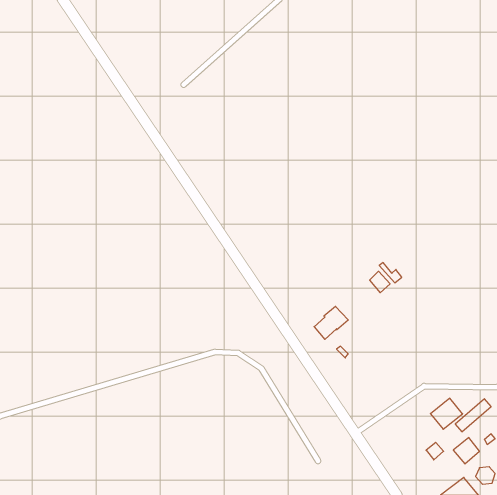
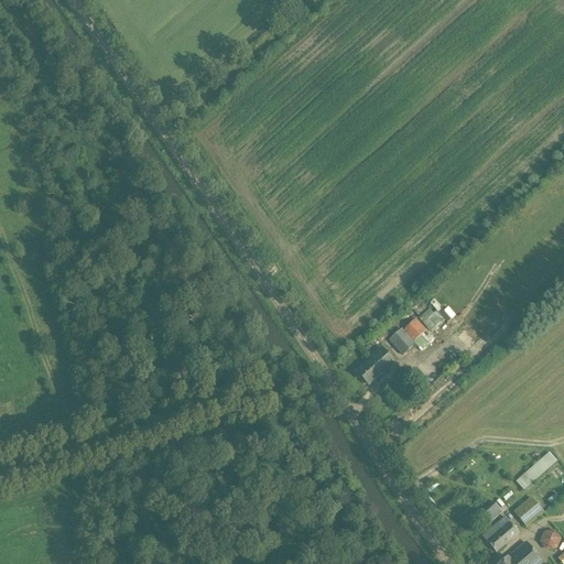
building: none -> [389,316,425,354]
building: [430,398,463,429] -> [481,516,518,551]

